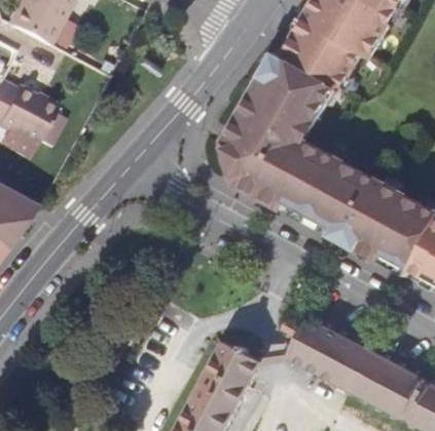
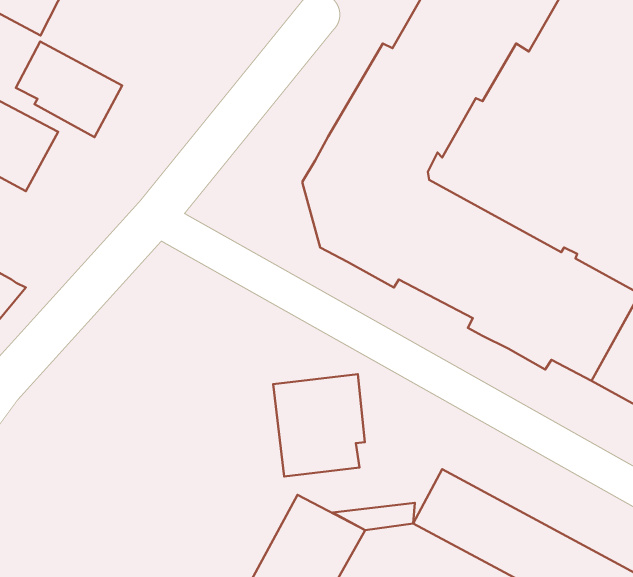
building: none -> [16,41,122,137]
building: none -> [273,374,365,477]

